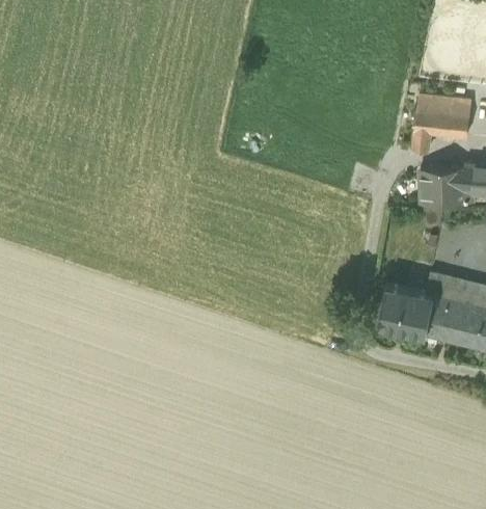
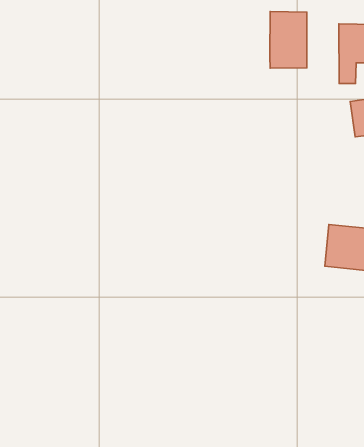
building: none -> [270,12,307,68]

